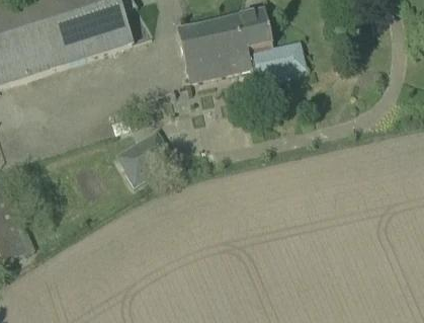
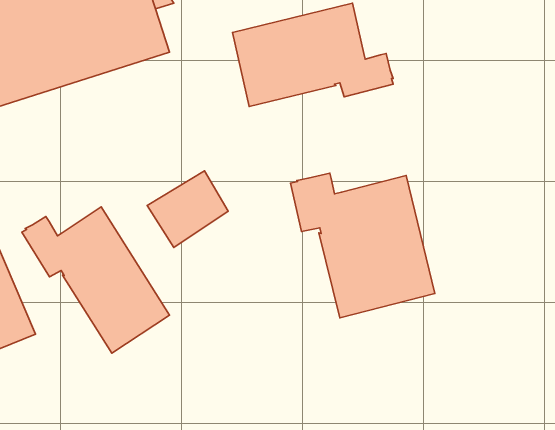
building: none -> [290,173,435,318]
building: none -> [22,207,170,353]

